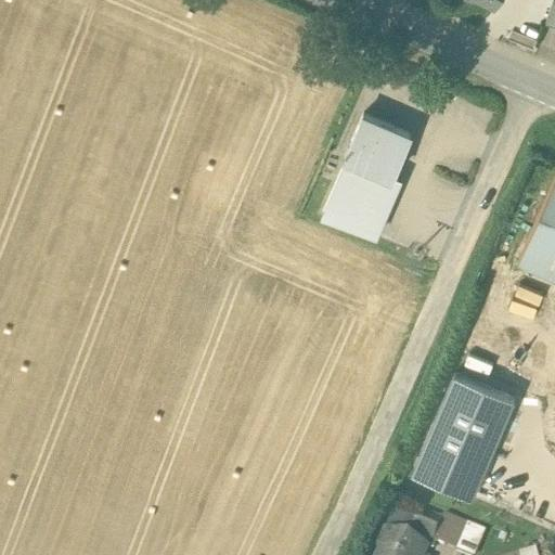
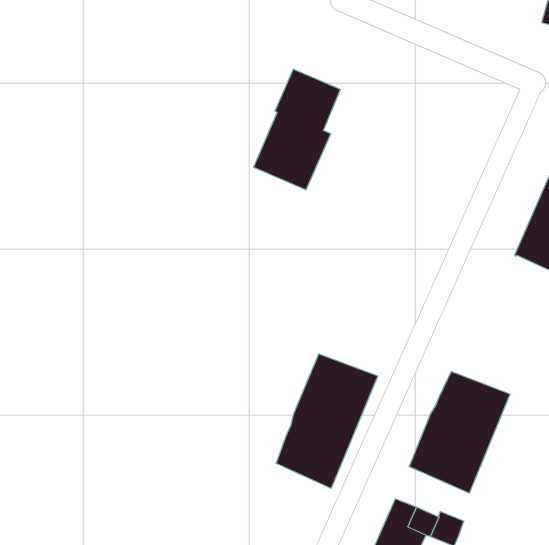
building: [324,117,412,238] -> [253,69,341,190]
building: none -> [276,354,378,488]

